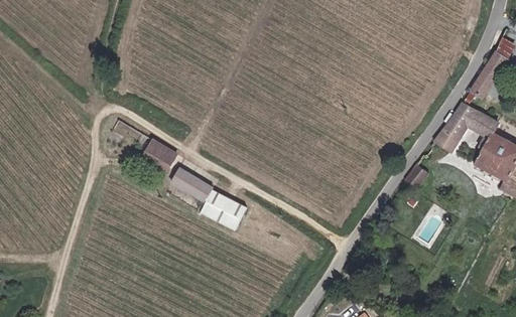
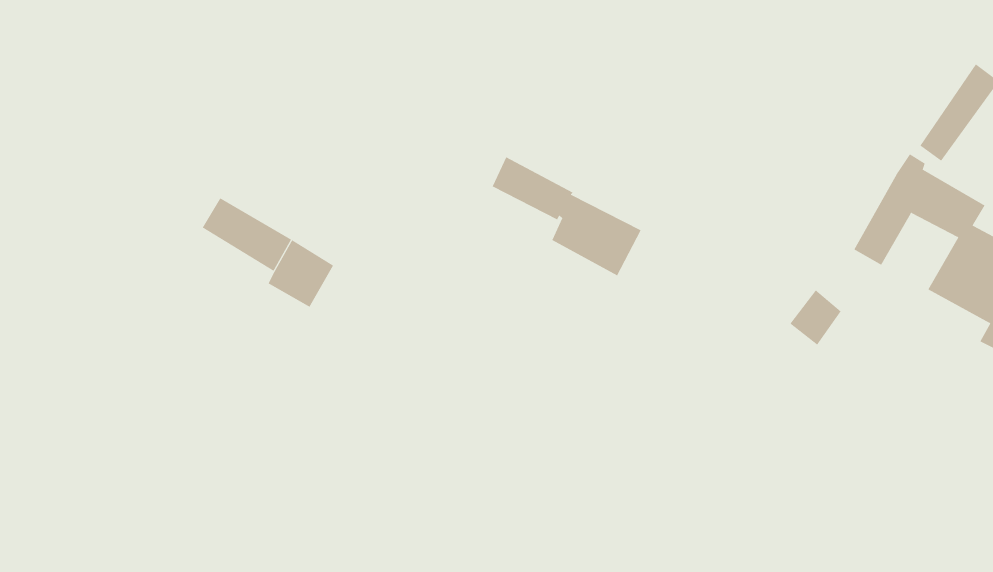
building: [173,170,249,230] -> [492,156,642,276]

